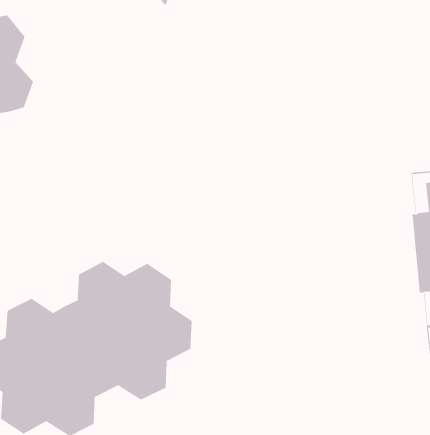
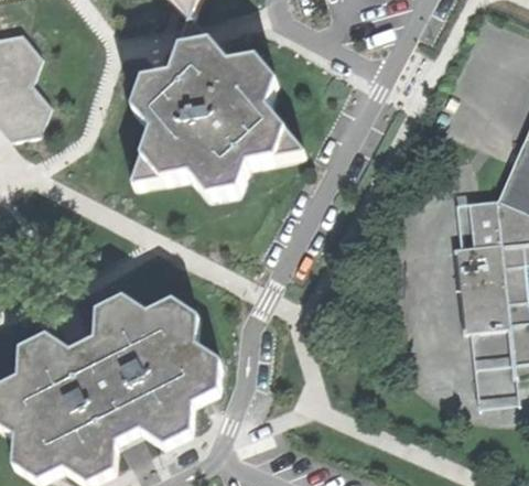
building: none -> [132,17,304,193]

